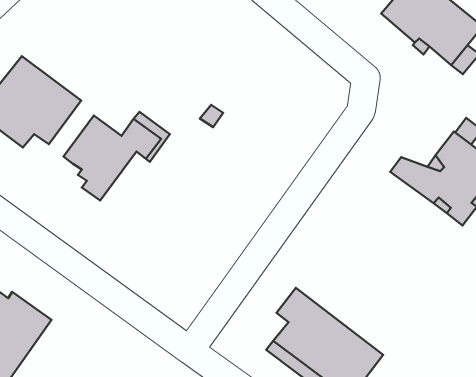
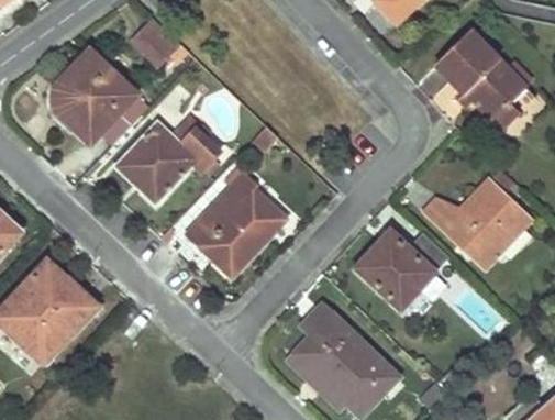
building: none -> [132,20,177,64]
building: none -> [188,174,282,266]
building: none -> [356,231,433,307]

